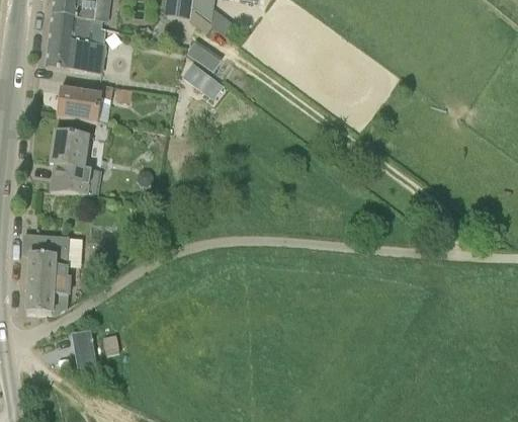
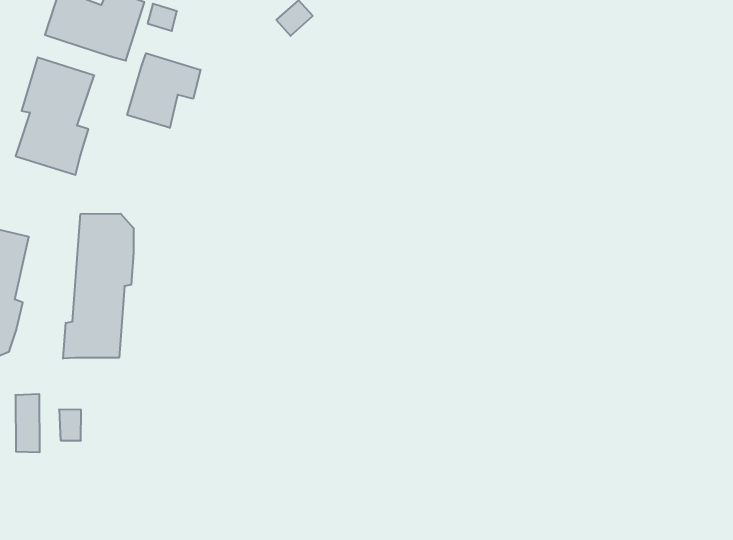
building: none -> [127,53,201,128]
building: none -> [63,214,134,359]

